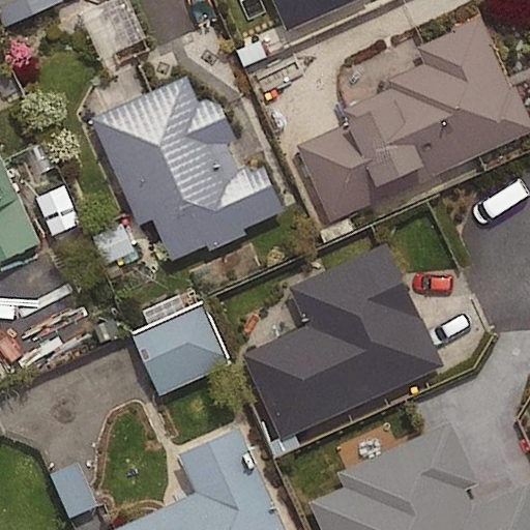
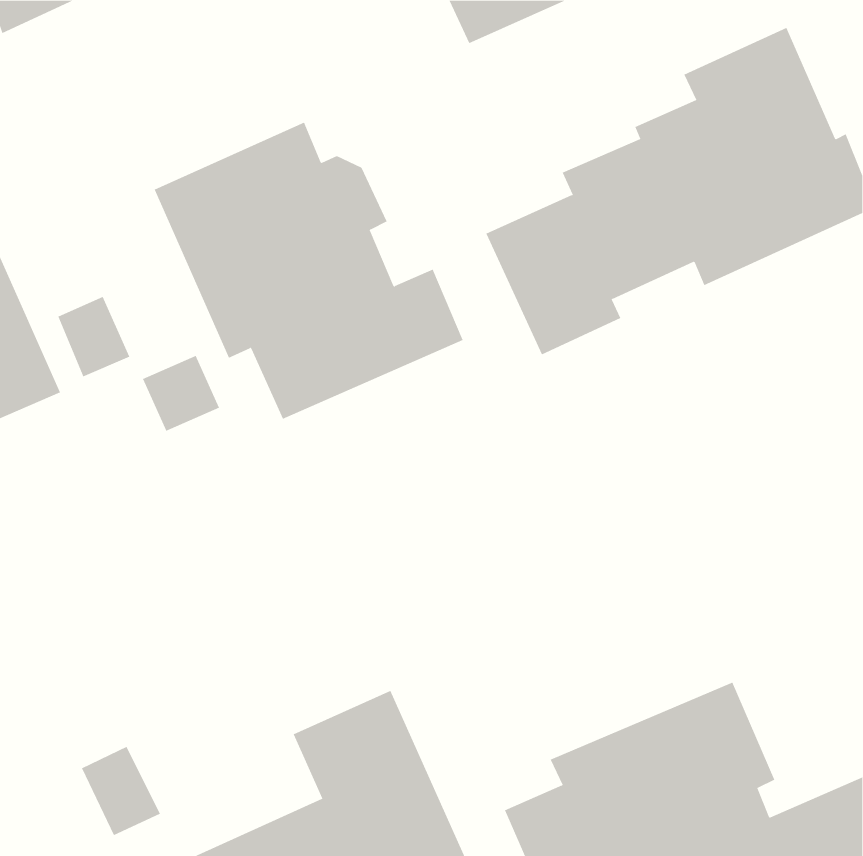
building: [241,242,439,438] -> none
building: [132,303,227,394] -> none

